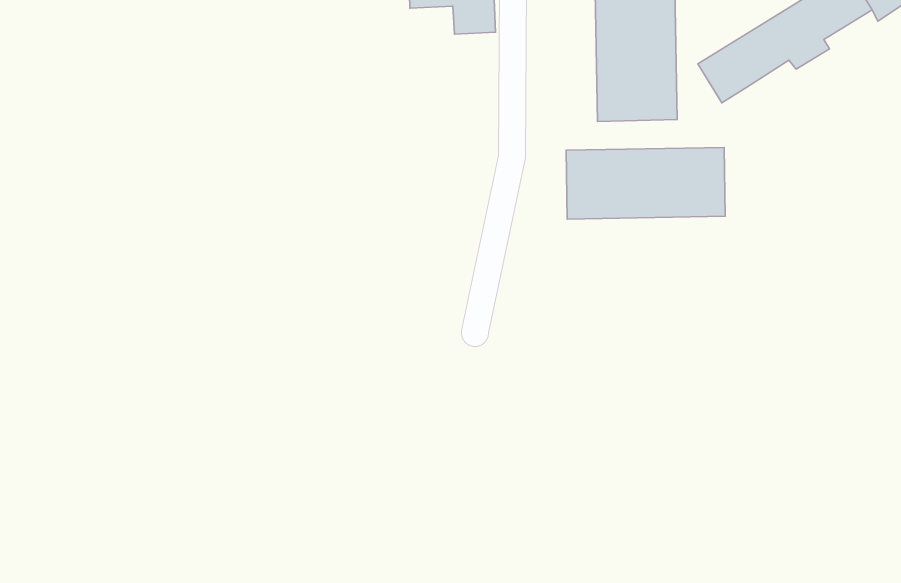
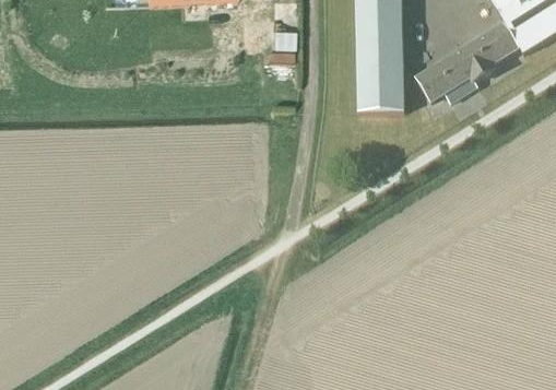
building: [566,147,725,219] -> none

